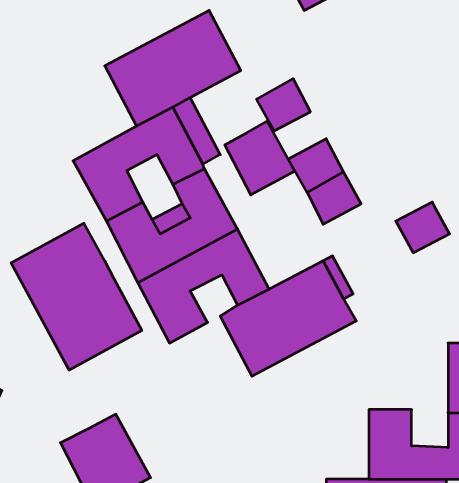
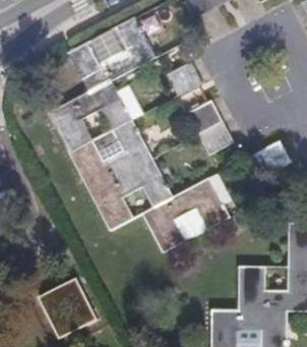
building: [225,121,295,195] -> none
building: [11,223,142,370] -> none

